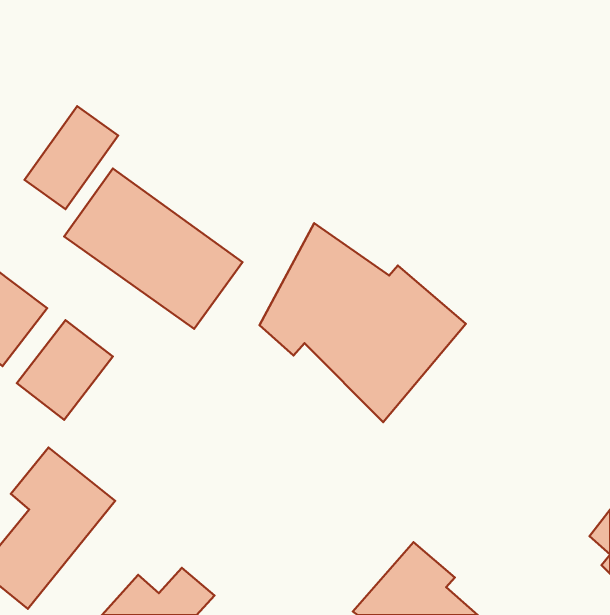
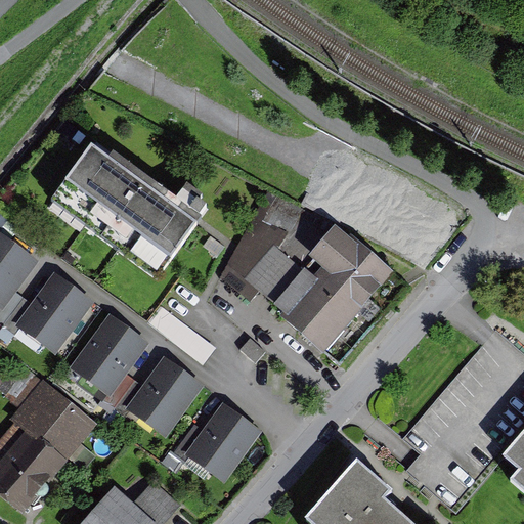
building: [24,106,118,209] -> none
building: none -> [69,312,149,396]
building: none -> [124,354,205,438]
building: none -> [184,401,262,482]

